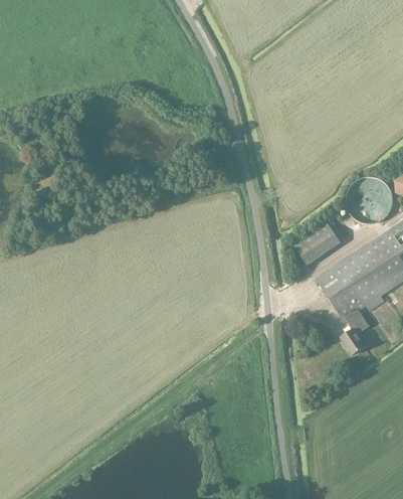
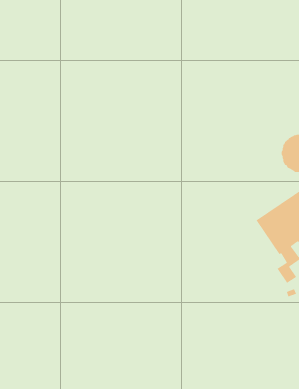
building: [293,219,344,265] -> none

